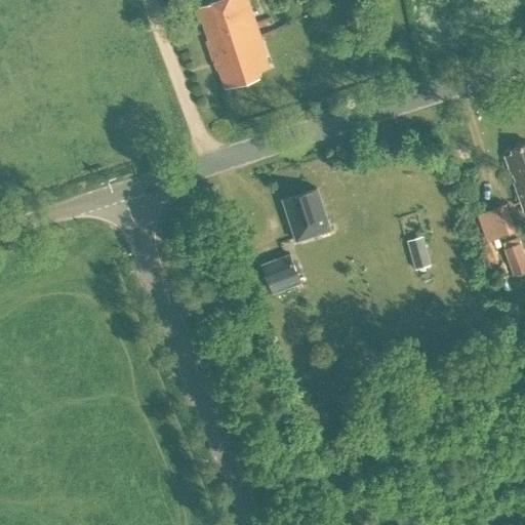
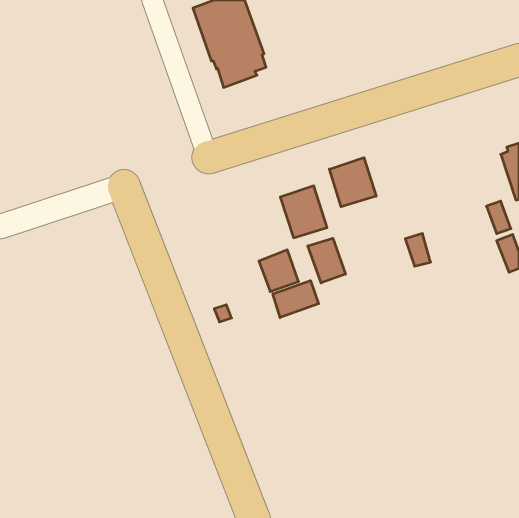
building: none -> [329,158,376,207]
building: none -> [308,238,345,283]
building: none -> [273,281,319,318]

